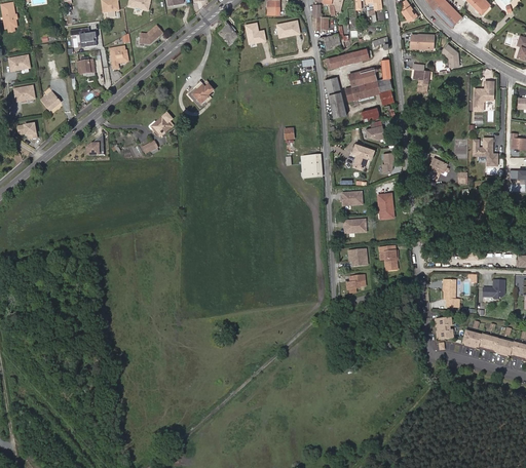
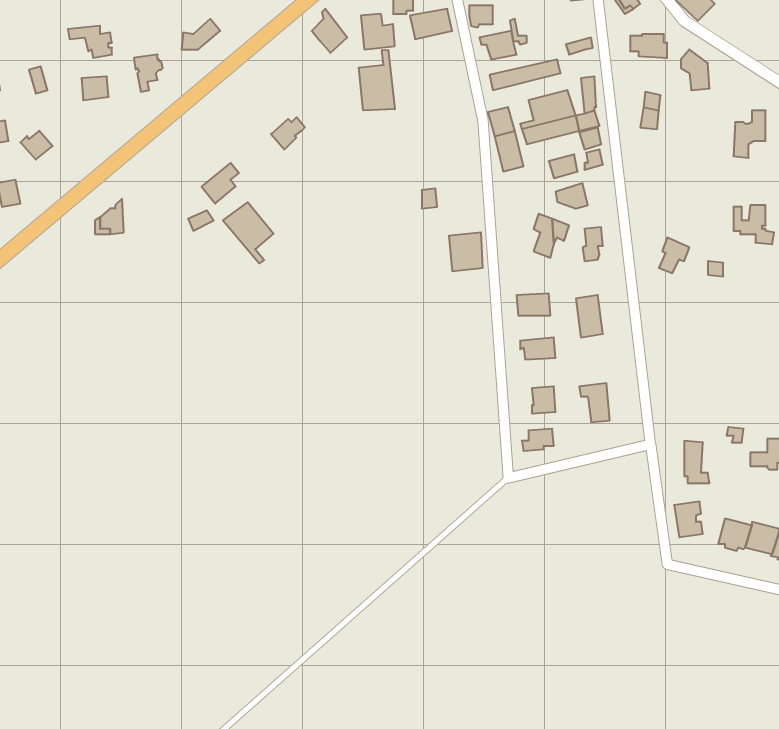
building: none -> [359,50,395,110]
building: none -> [223,202,274,263]

